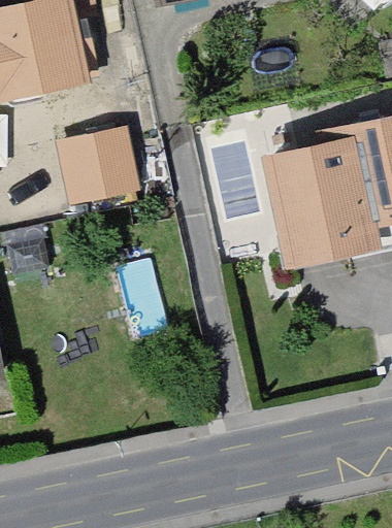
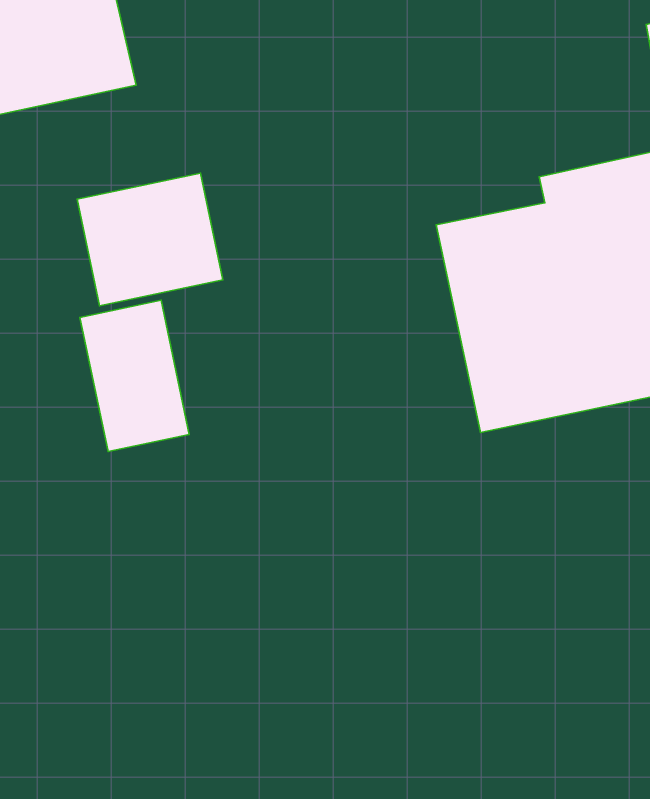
building: none -> [80,300,189,452]

